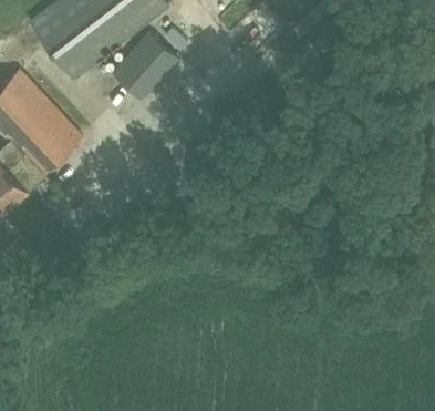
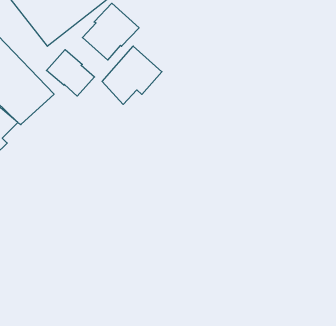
building: none -> [102,46,162,104]
building: none -> [46,50,95,96]

